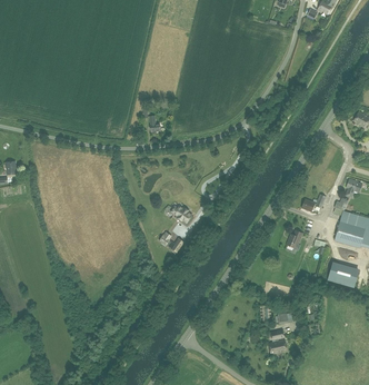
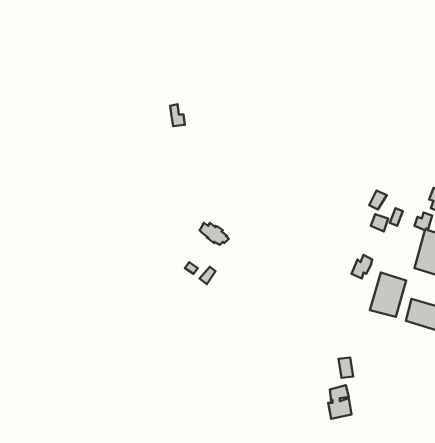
building: none -> [370,272,406,317]

